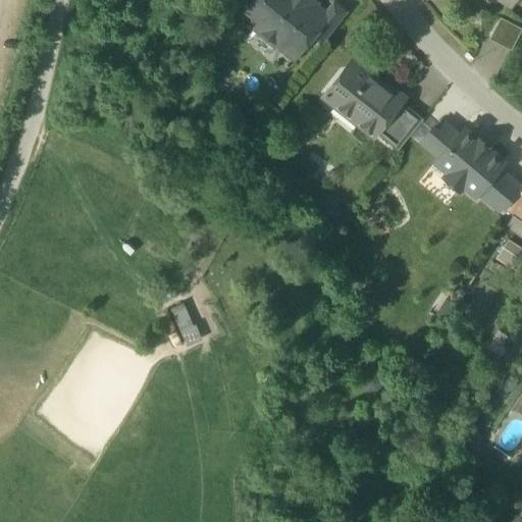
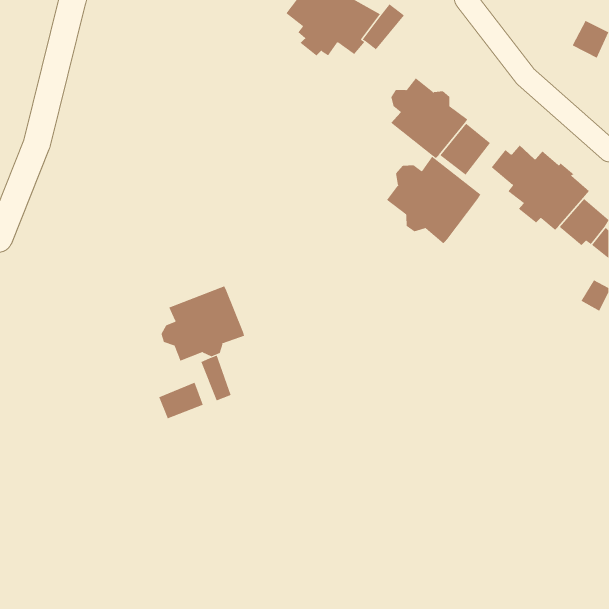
building: none -> [386,156,481,244]
building: none -> [161,286,245,361]
building: none -> [158,382,204,419]

